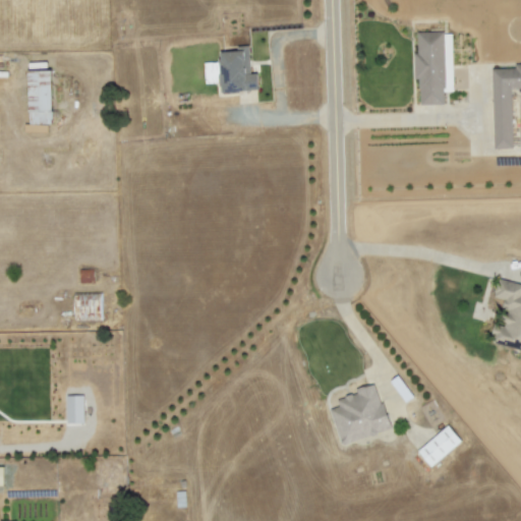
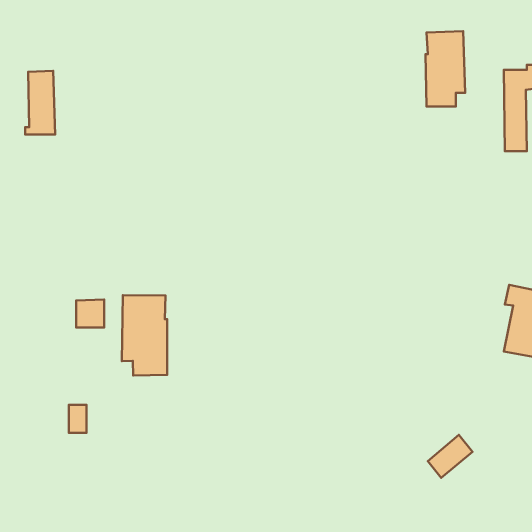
building: [206,45,260,92] -> none
building: none -> [122,295,167,375]
building: [330,382,392,445] -> none

